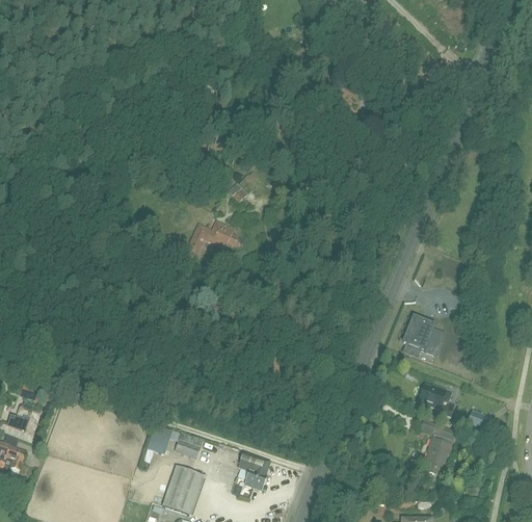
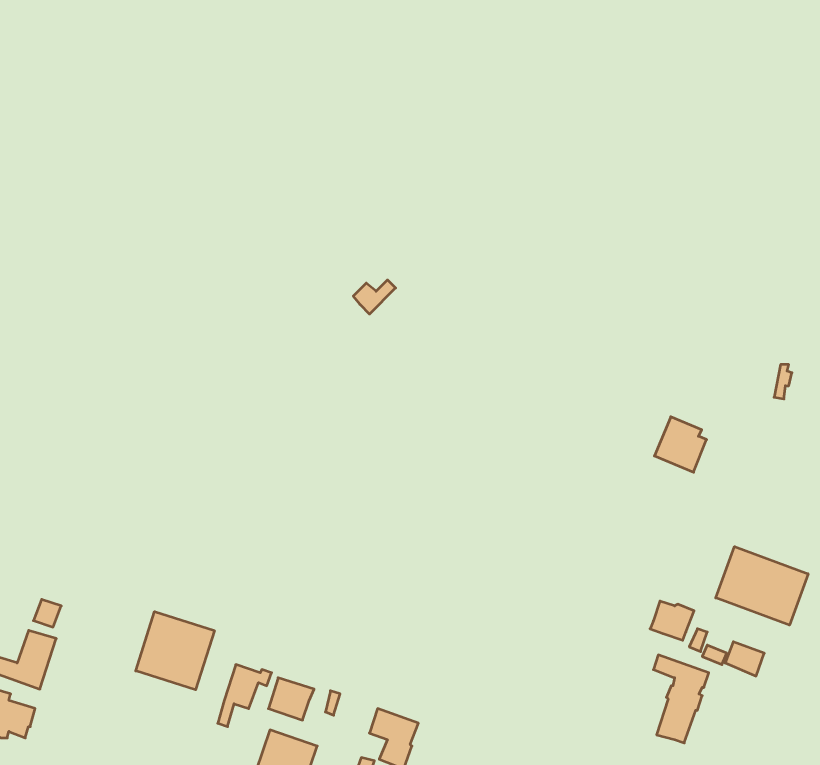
building: [185,221,237,259] -> none
building: [403,316,436,351] -> [654,417,707,472]
building: none -> [716,547,808,625]
building: none -> [136,612,214,690]

